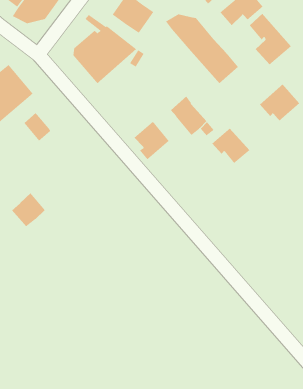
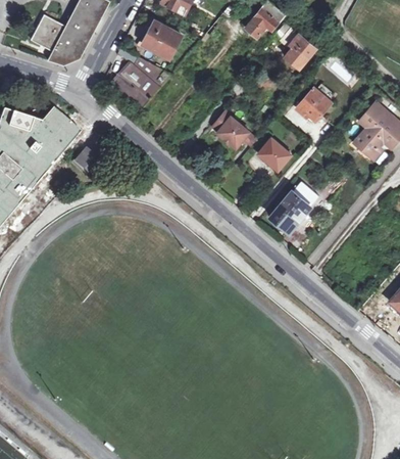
building: [165,14,239,84] -> none
building: [134,121,169,160] -> none
building: none -> [268,179,320,232]
building: [11,192,46,227] -> none

